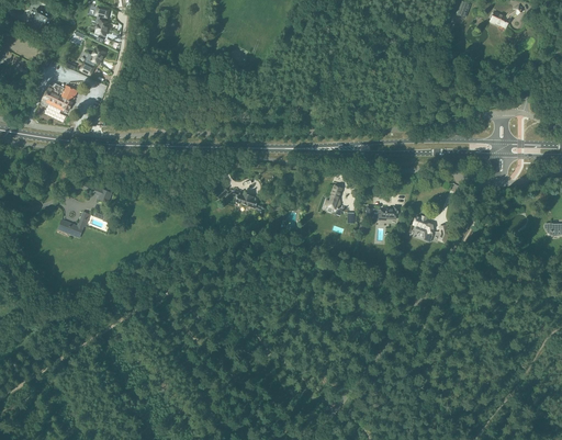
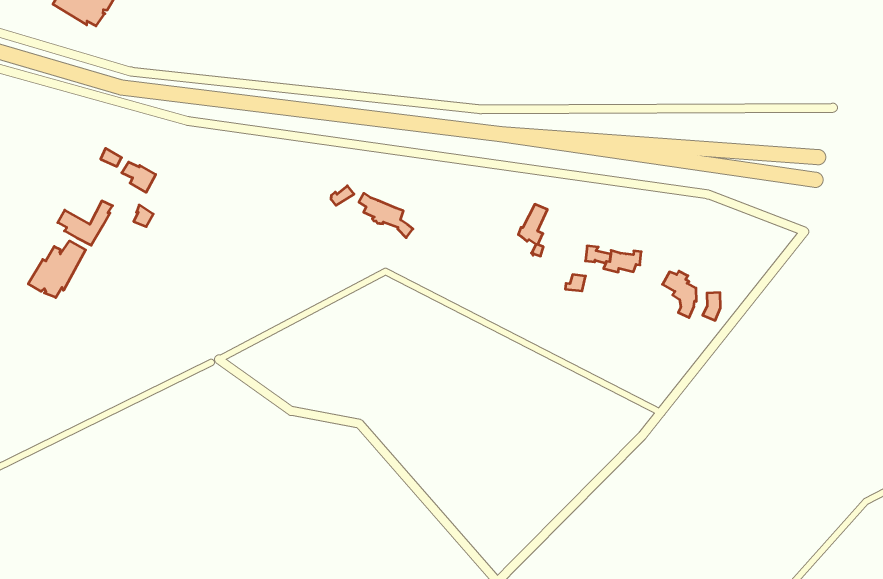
building: none -> [28,241,86,298]

